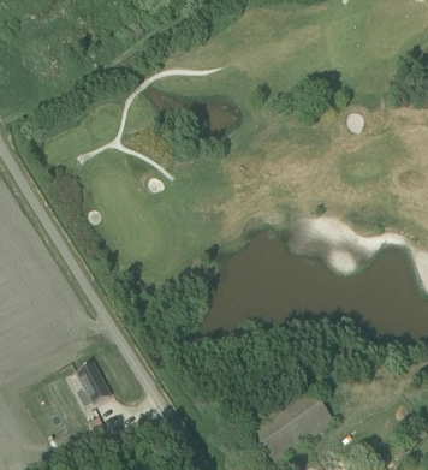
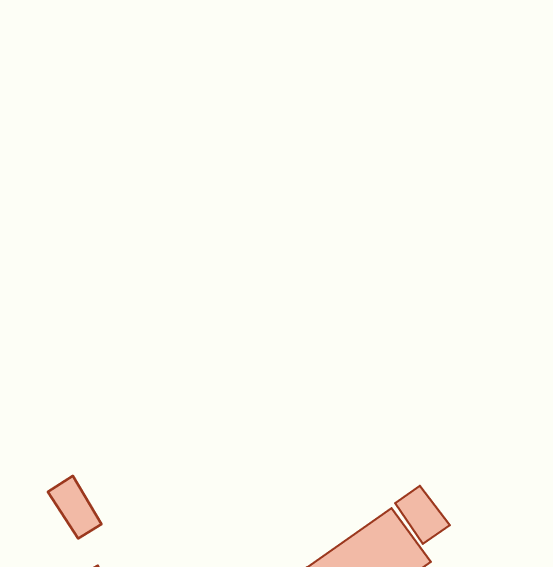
building: none -> [395,486,450,544]

